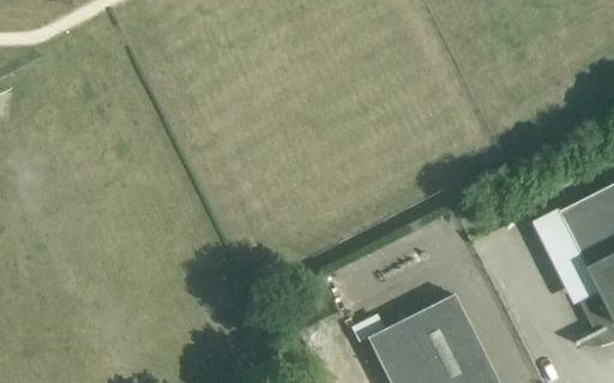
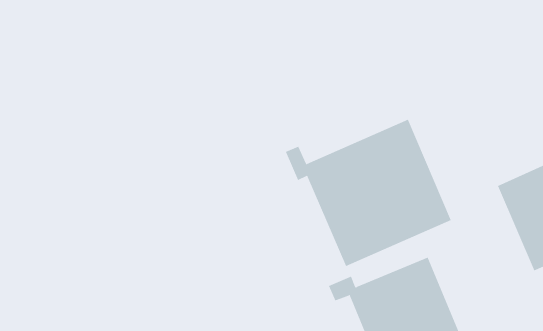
building: none -> [285,119,451,267]

